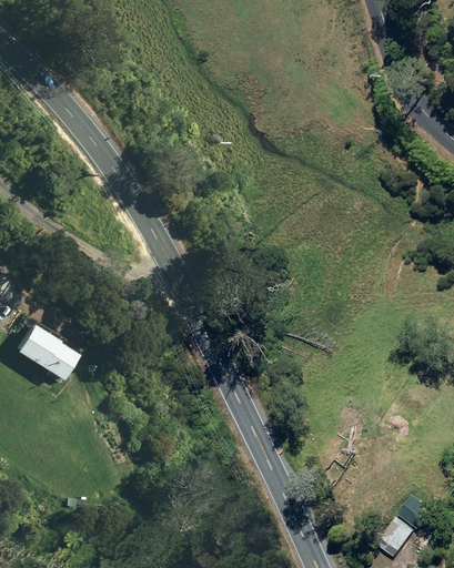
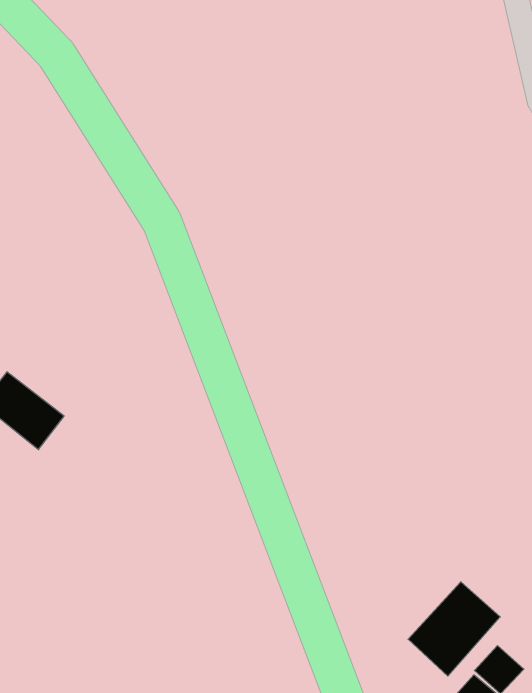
building: none -> [408,582,500,676]

